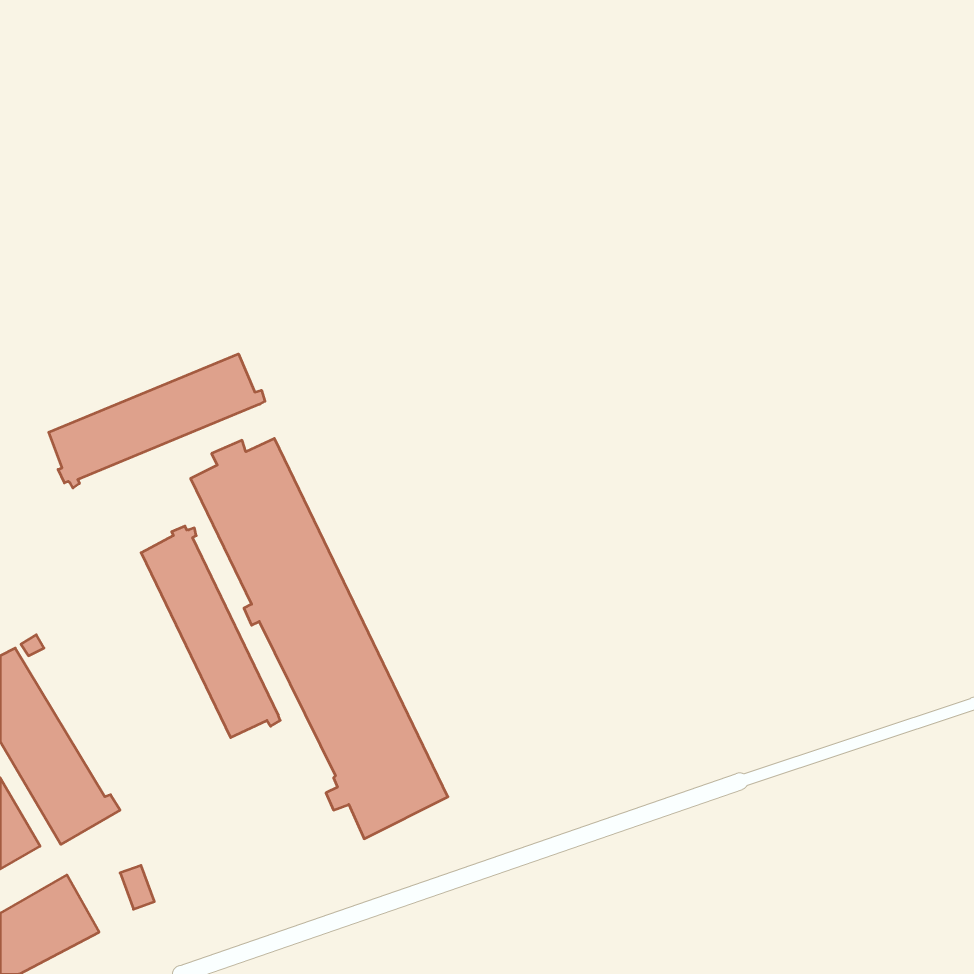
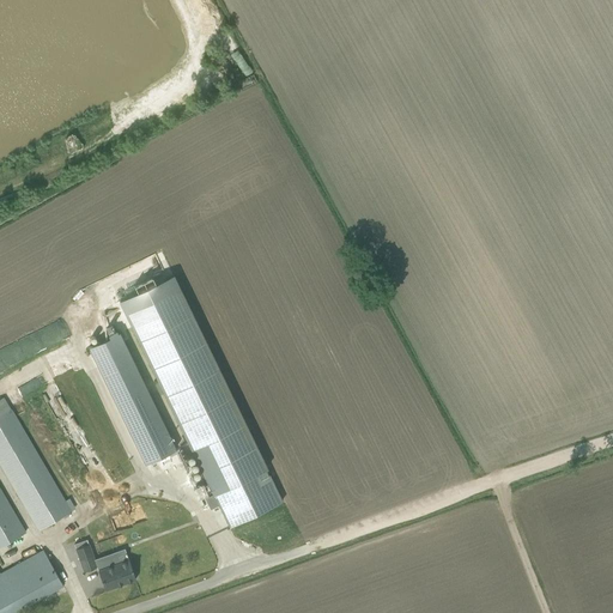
building: [49,354,265,488] -> none
building: none -> [98,559,135,590]

